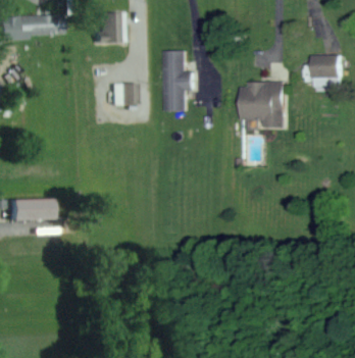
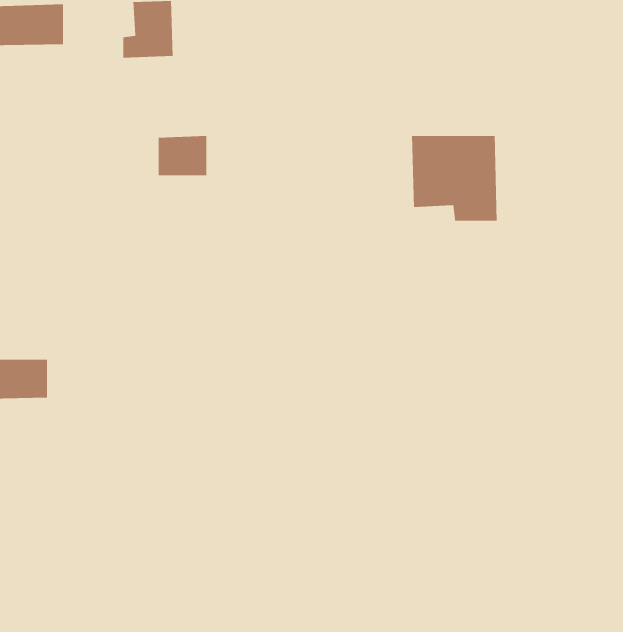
building: [163,50,195,111] -> none
building: [312,54,342,78] -> none

